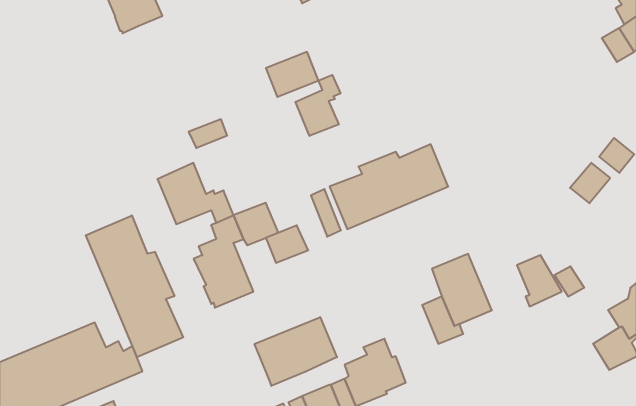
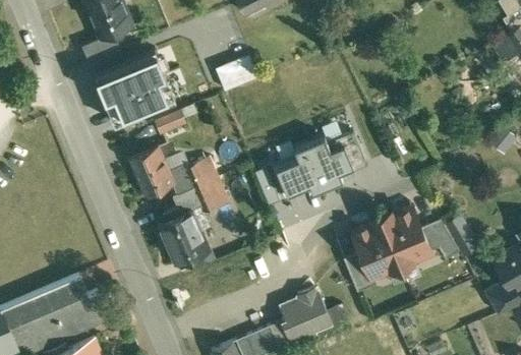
building: none -> [82,34,121,64]
building: none -> [94,49,175,123]
building: [295,75,340,136] -> none
building: [570,163,610,203] -> none
building: [86,215,183,357] -> none
building: [266,225,308,263] -> [183,158,218,188]
building: none -> [383,208,432,265]
building: [255,317,337,386] -> none

